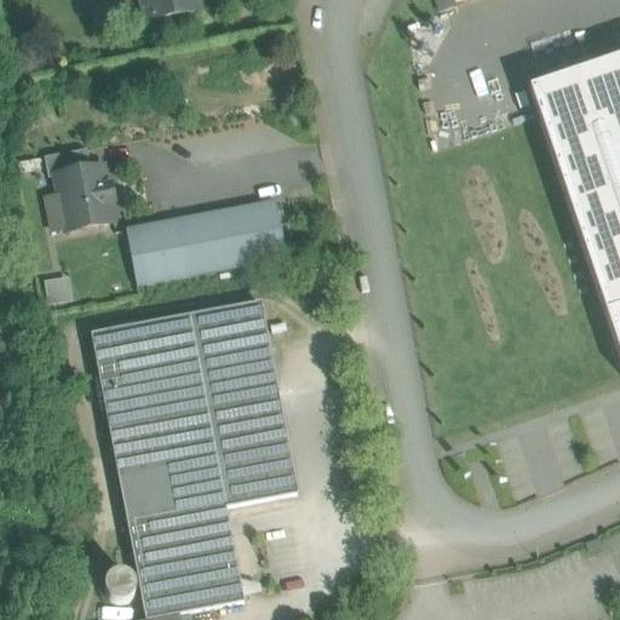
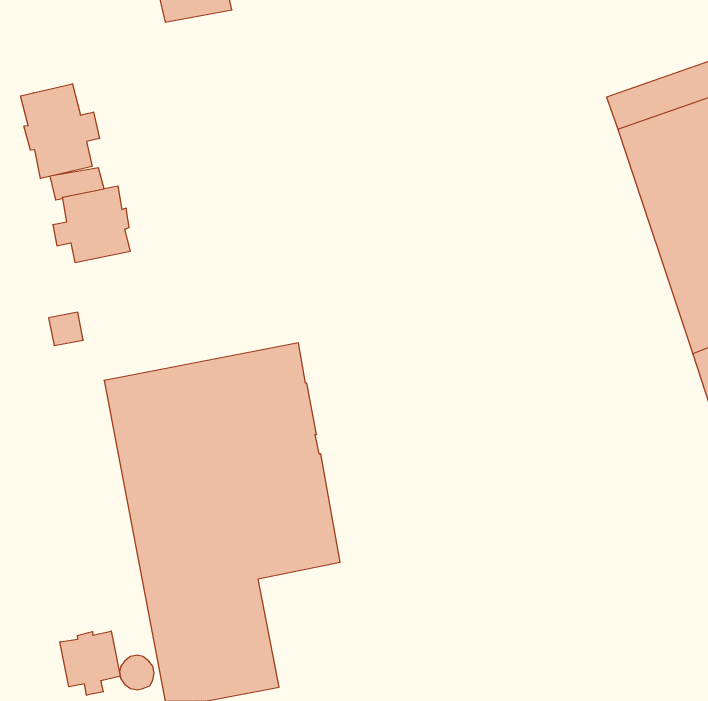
building: none -> [21,84,100,179]
building: [126,197,287,283] -> none
building: none -> [60,631,120,695]

